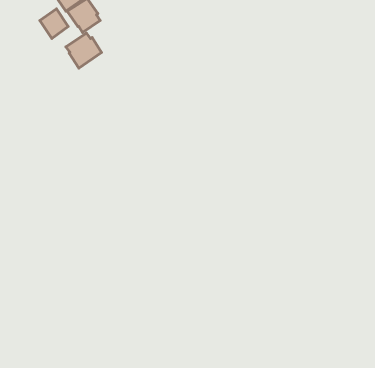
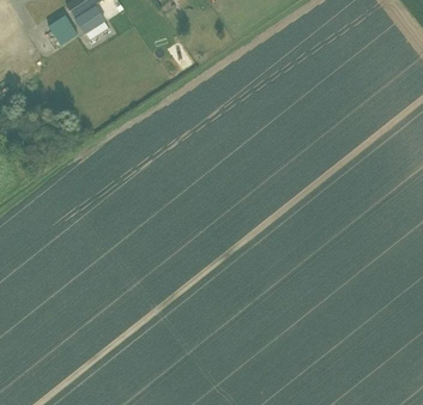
building: [66,33,102,68] -> none

